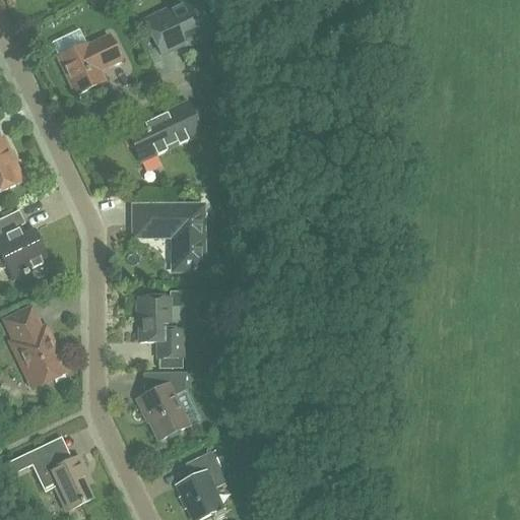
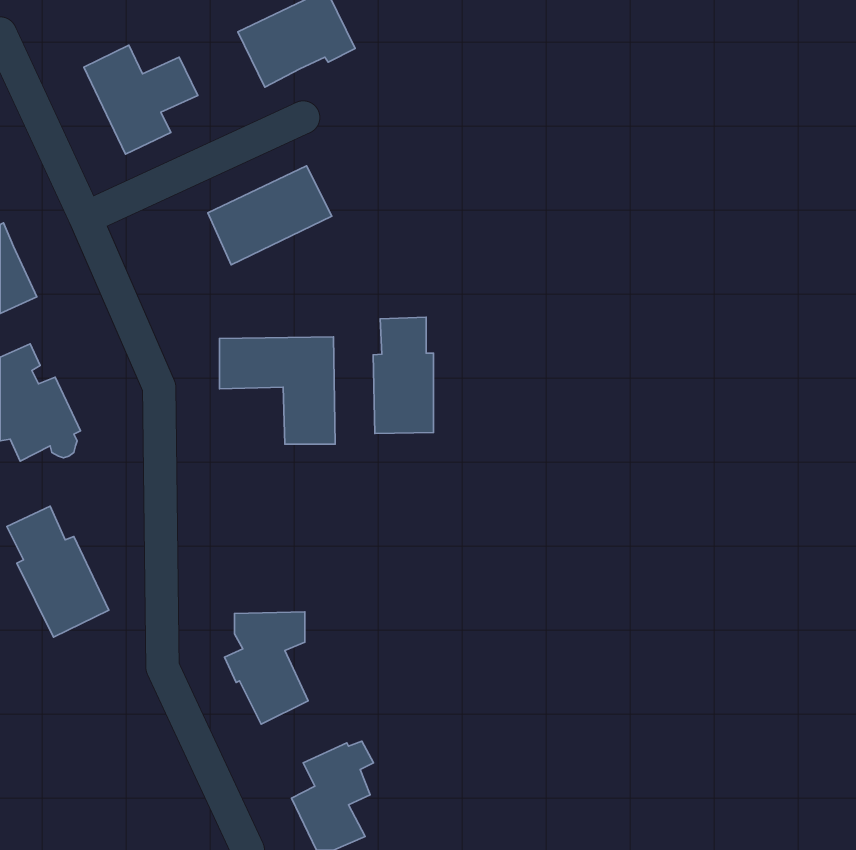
building: none -> [373,317,434,433]
building: [136,296,182,356] -> none
building: [7,444,91,510] -> none

